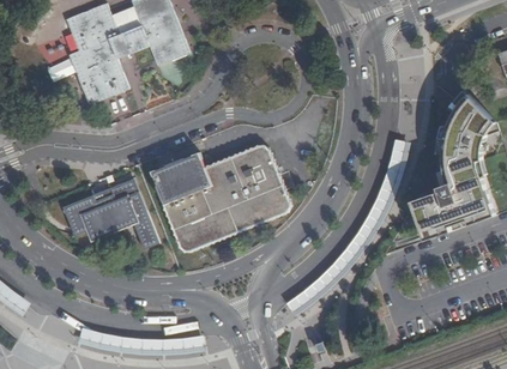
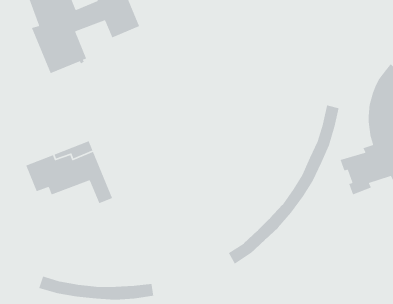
building: [150,143,289,249] -> none

